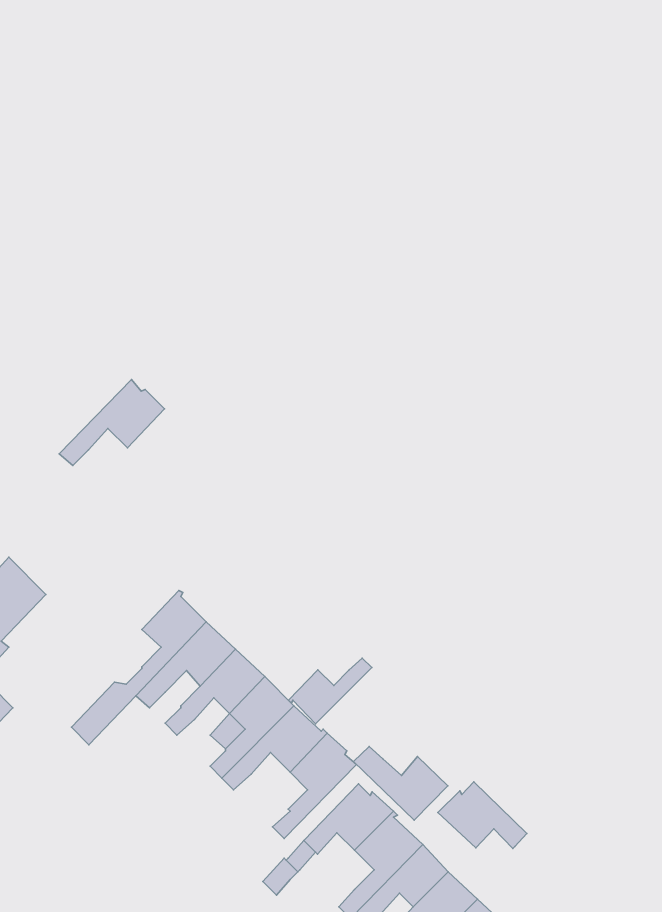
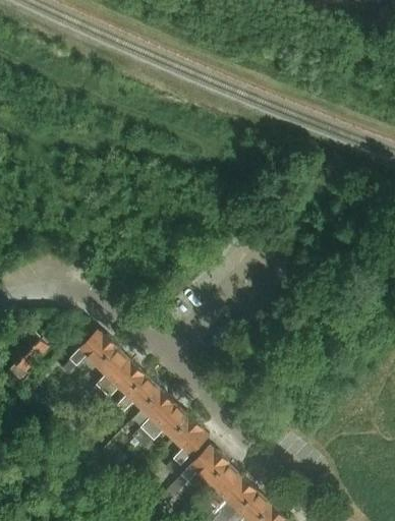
building: [59,380,165,466] -> [61,331,116,375]
building: [288,658,372,724] -> none
building: [354,747,448,820] -> none
building: [438,782,527,849] -> none

